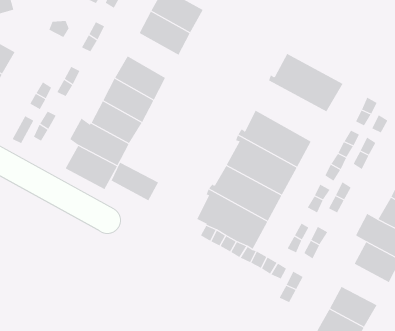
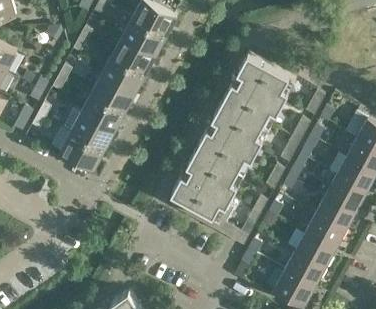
building: none -> [112,36,156,74]
building: none -> [221,76,282,128]
building: [111,162,159,201] -> none
building: none -> [294,232,335,267]

